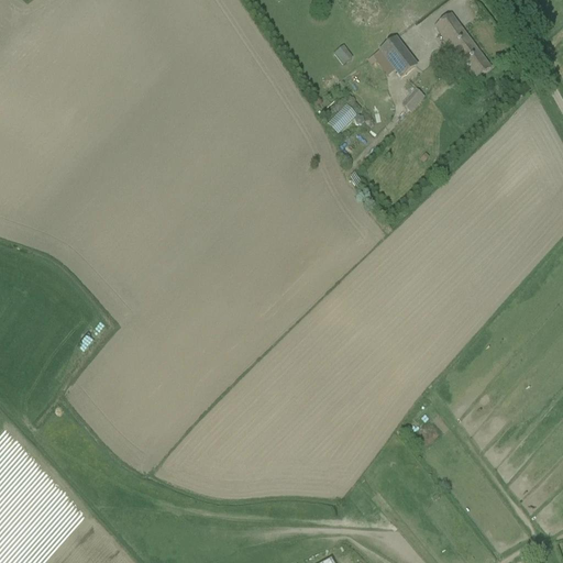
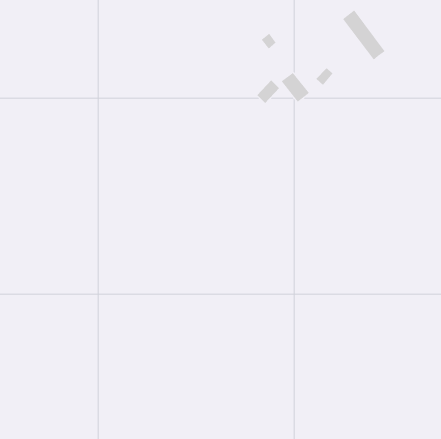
building: [380,36,418,75] -> [280,72,310,103]

